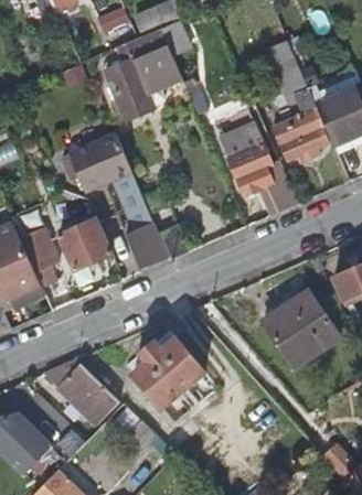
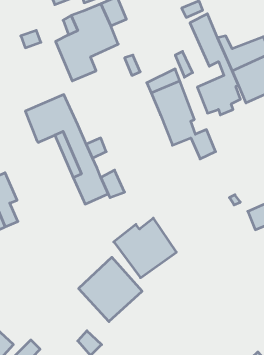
building: [60,219,113,272] -> none
building: [265,297,340,368] -> [114,218,176,278]
building: [44,361,120,424] -> none

